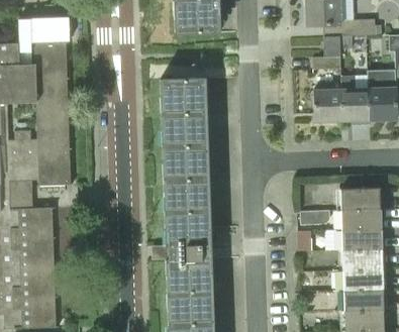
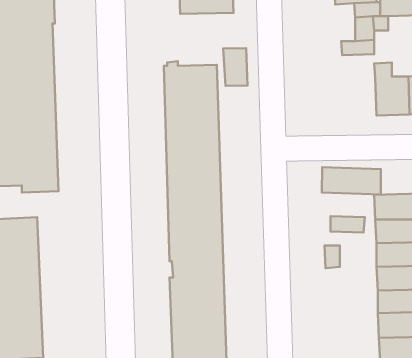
building: none -> [223,48,247,86]
building: [313,89,342,122] -> none
building: none -> [322,167,381,195]

